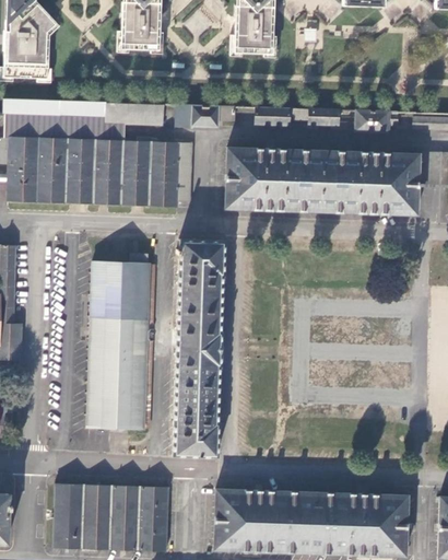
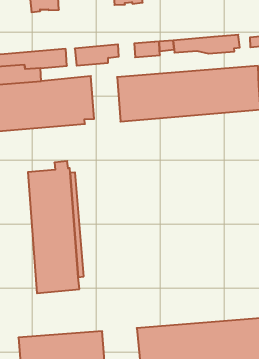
building: [176,243,221,454] -> none

